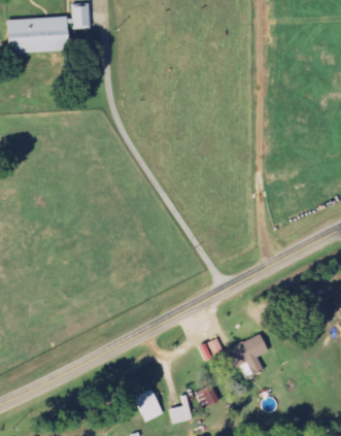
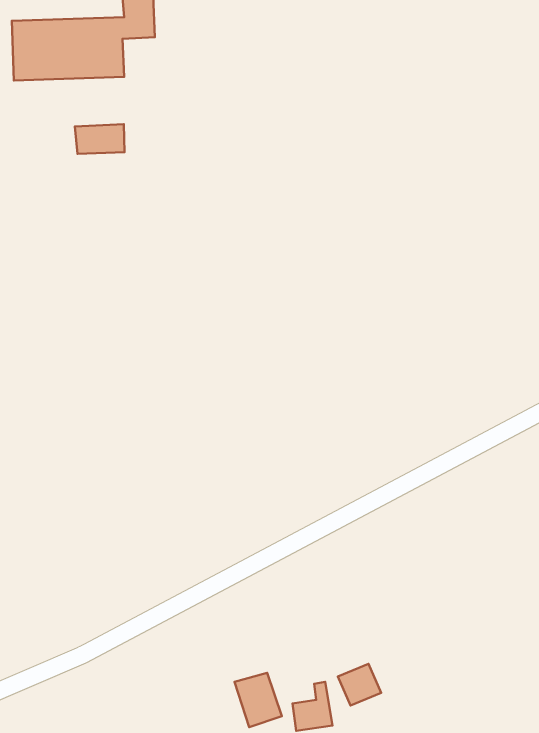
building: none -> [75,124,124,154]
building: [198,334,268,372] -> none

